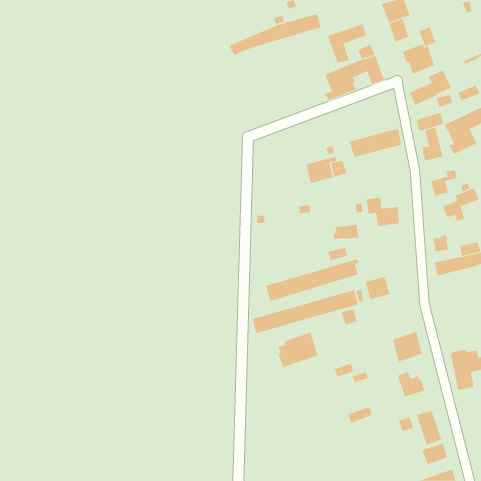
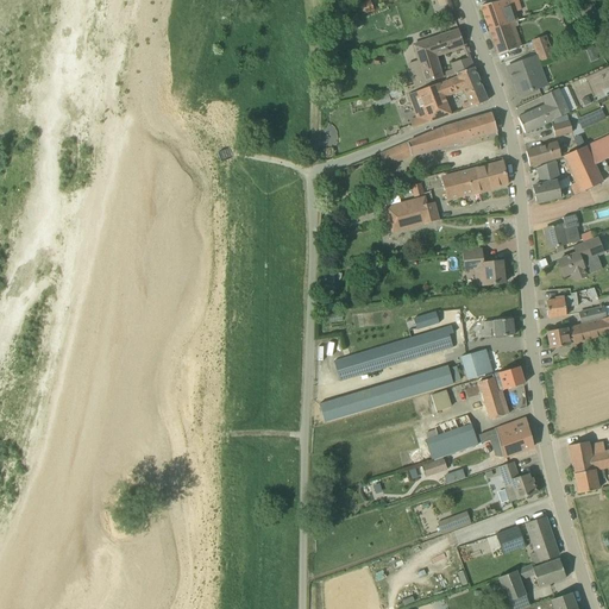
building: [229,14,321,56] -> [381,113,497,167]
building: [333,224,359,239] -> [482,318,515,337]
building: none -> [479,366,525,419]
building: [277,332,319,368] -> [426,414,478,459]
building: none -> [498,570,527,601]

